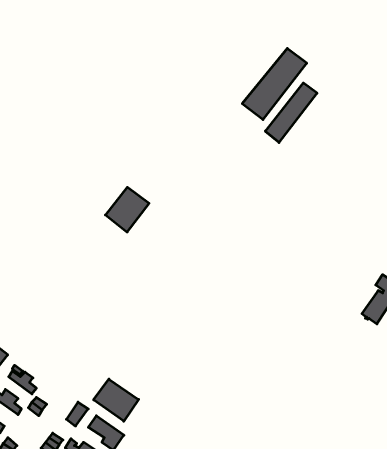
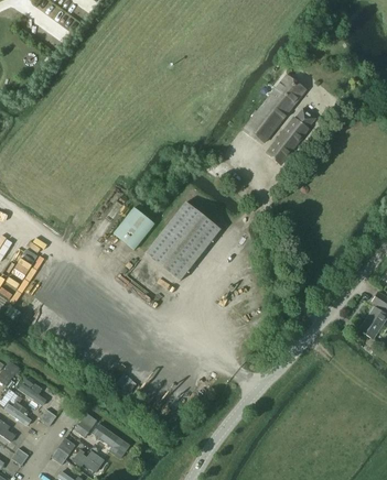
building: none -> [144,201,221,280]
building: [94,379,139,421] -> none

